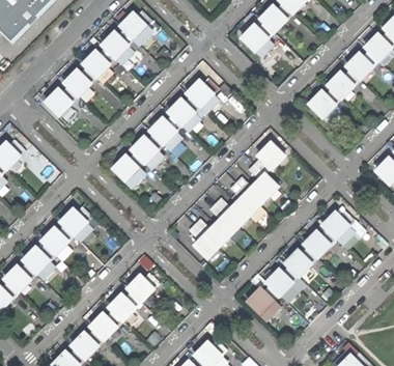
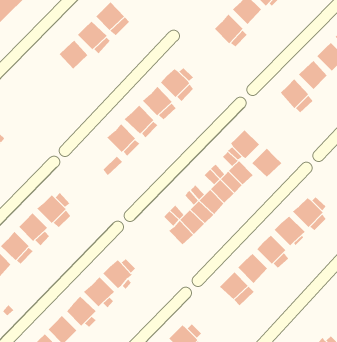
building: [62,68,91,98] -> none
building: [43,87,74,118] -> none
building: [110,153,139,182] -> none
building: none -> [251,148,282,178]

